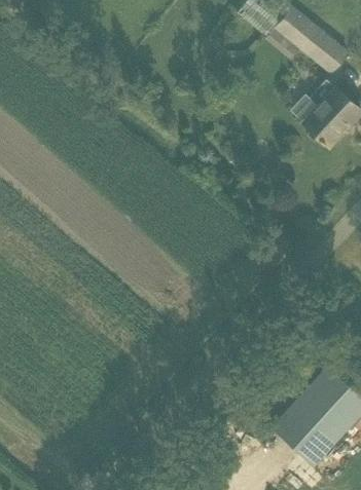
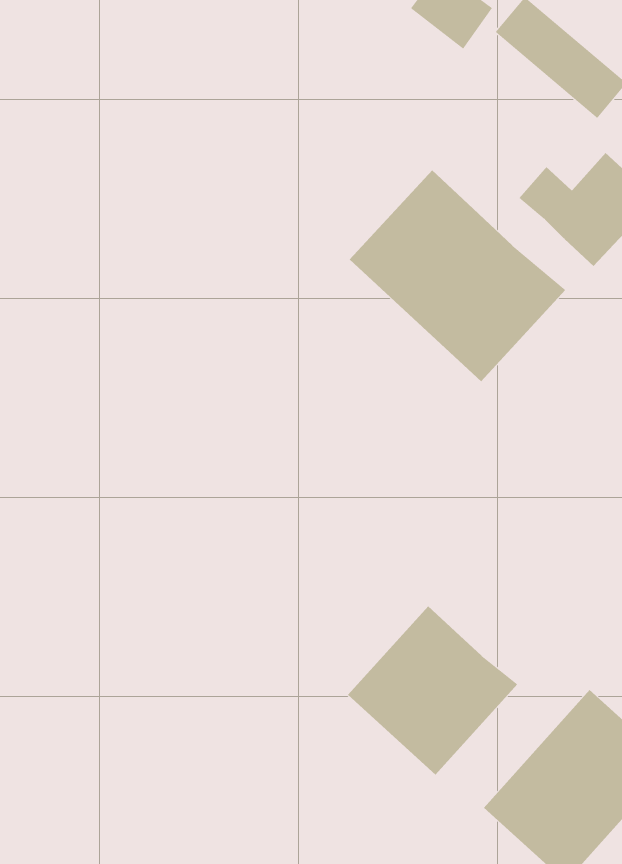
building: none -> [349,169,566,382]
building: none -> [347,605,518,776]

